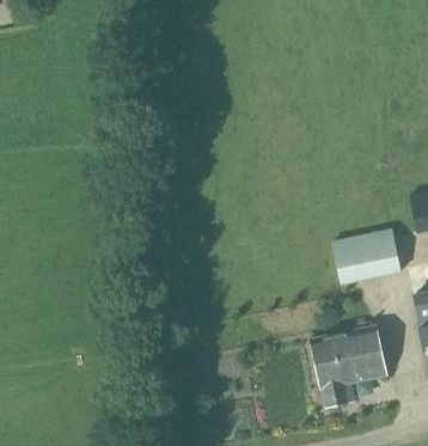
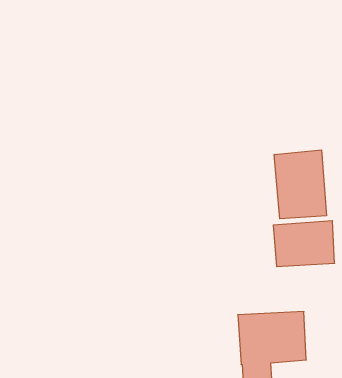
building: none -> [274,150,326,219]

